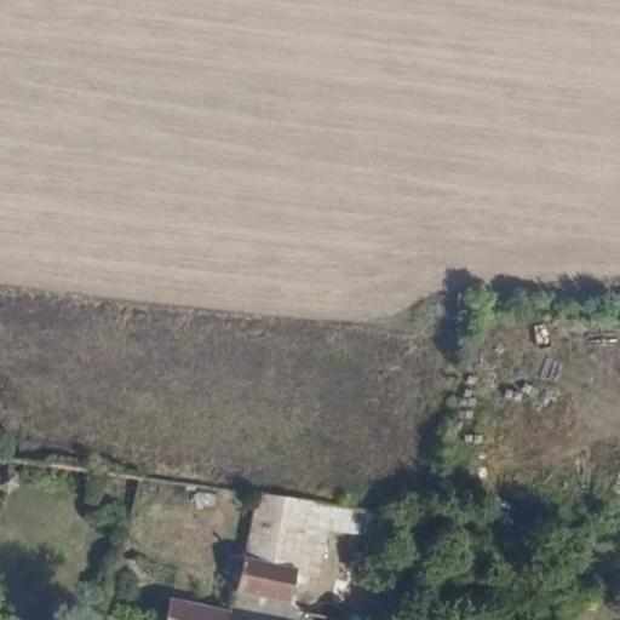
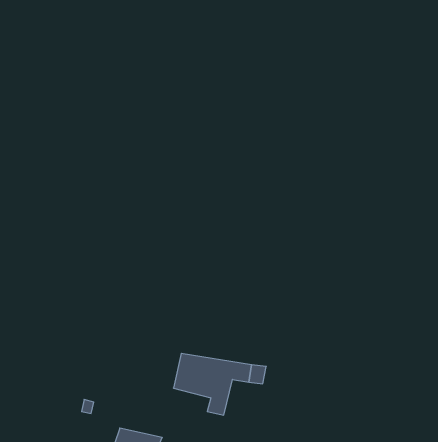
building: [226,544,302,603] -> none

